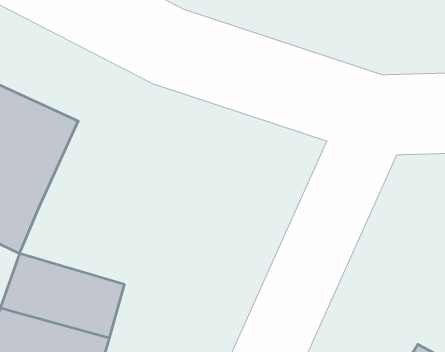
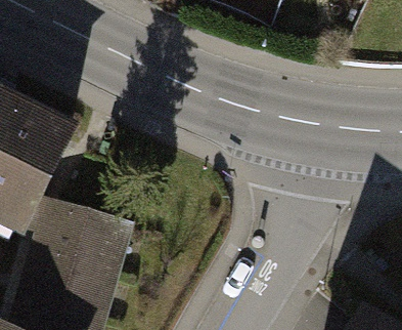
building: none -> [33,201,130,263]

